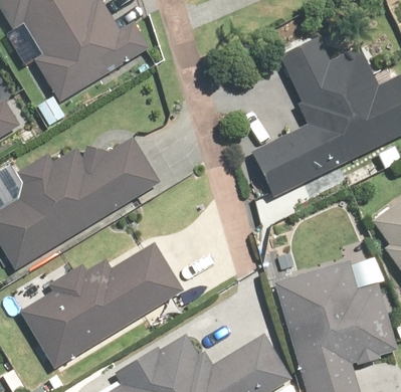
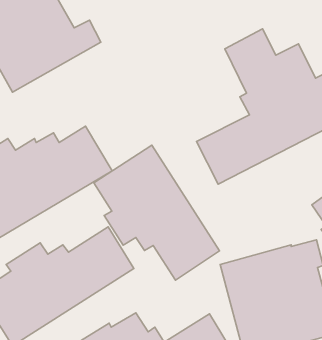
building: none -> [94,145,220,280]

